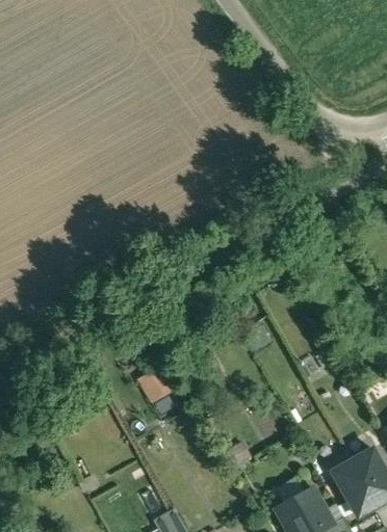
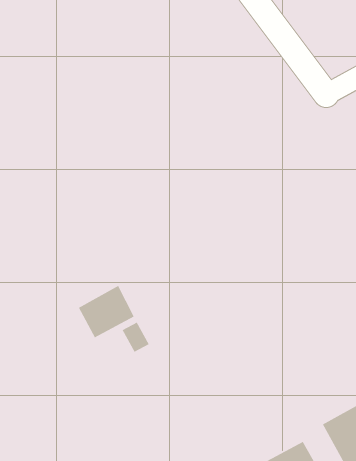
building: none -> [78,285,135,339]

